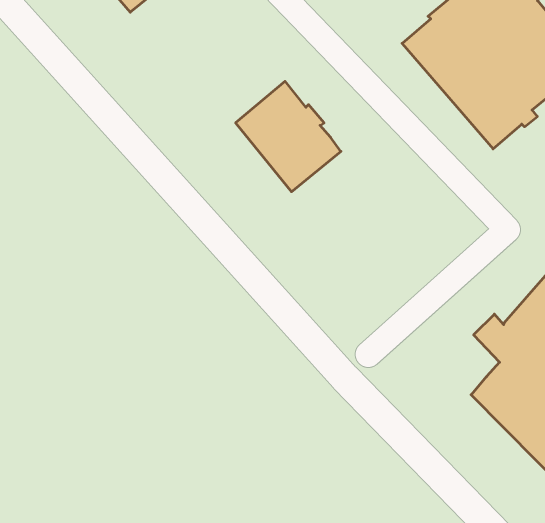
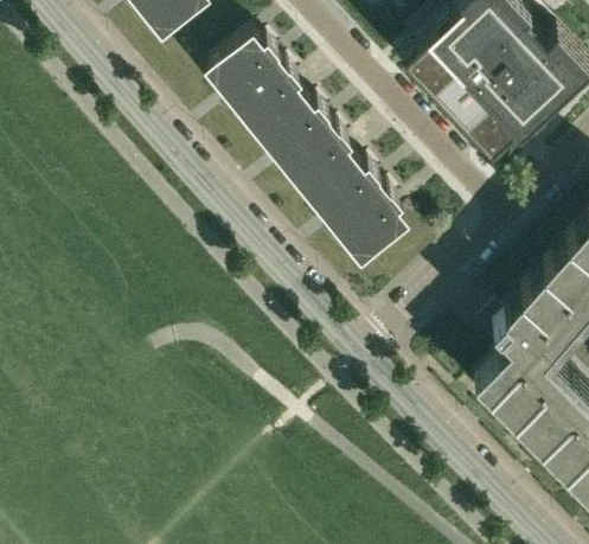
building: none -> [206,34,302,135]
building: none -> [308,161,404,261]

